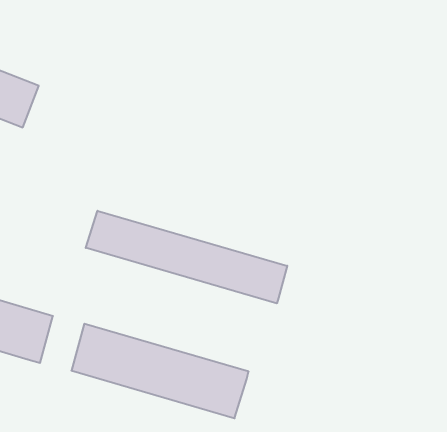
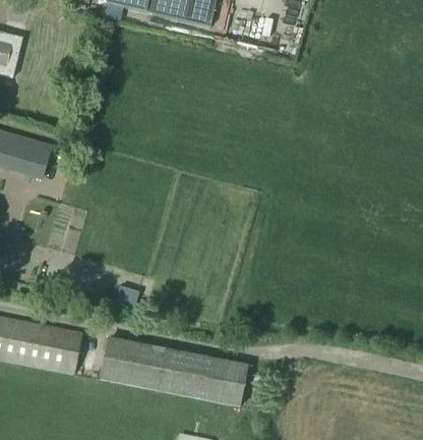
building: [86,211,287,303] -> none

